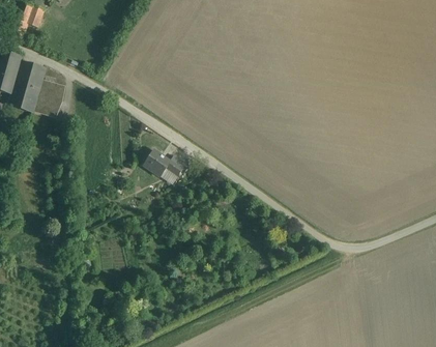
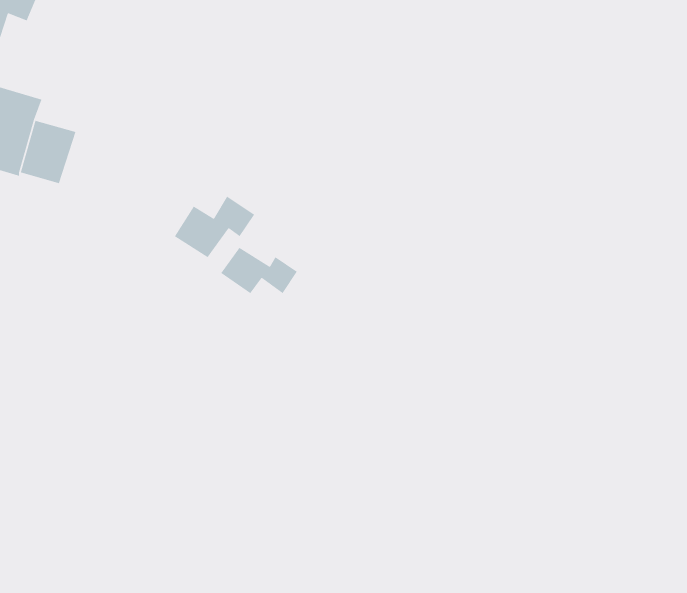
building: none -> [174,196,255,258]

